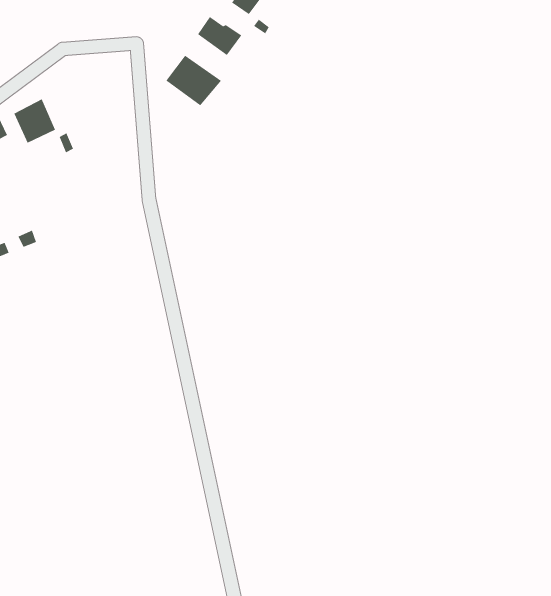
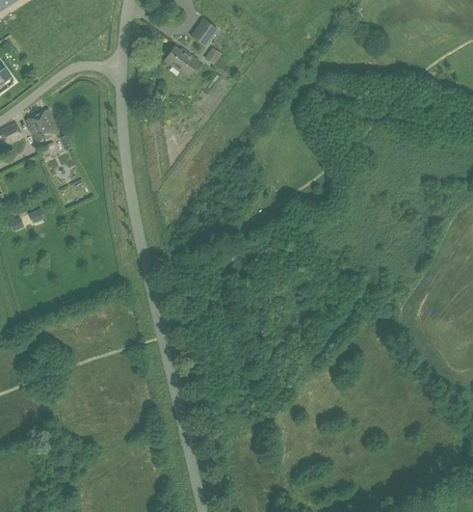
building: [166,55,222,106] -> none

